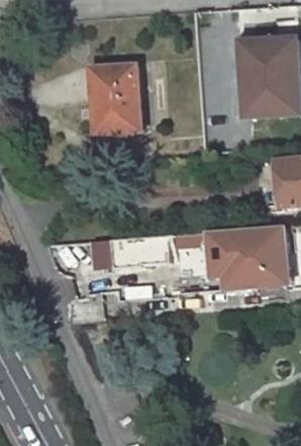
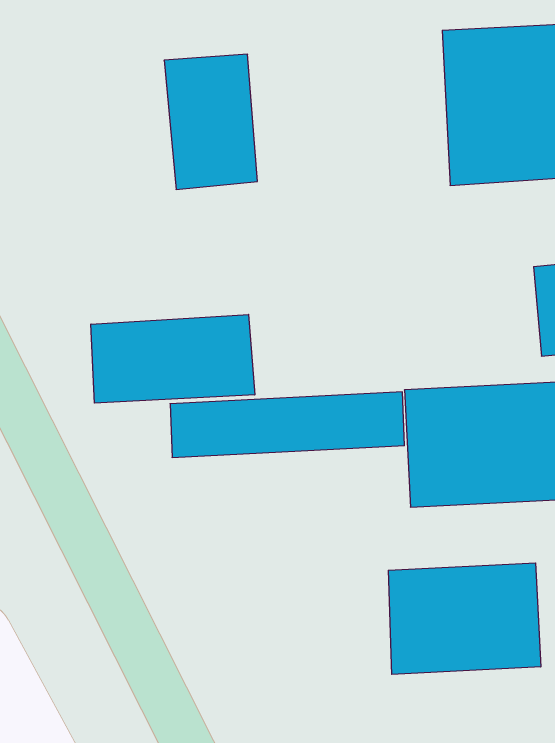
building: none -> [91,314,255,403]
building: none -> [388,563,541,674]

